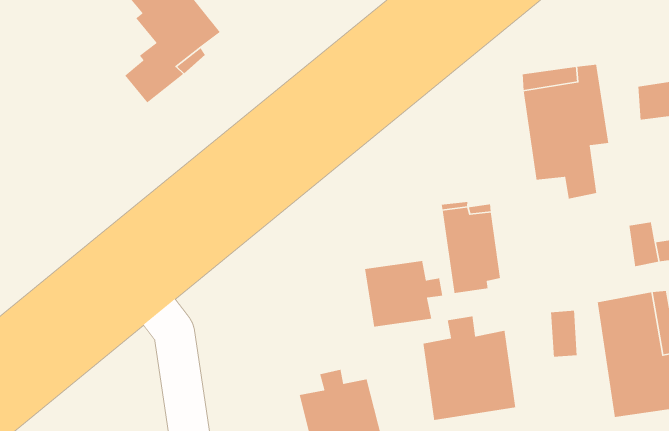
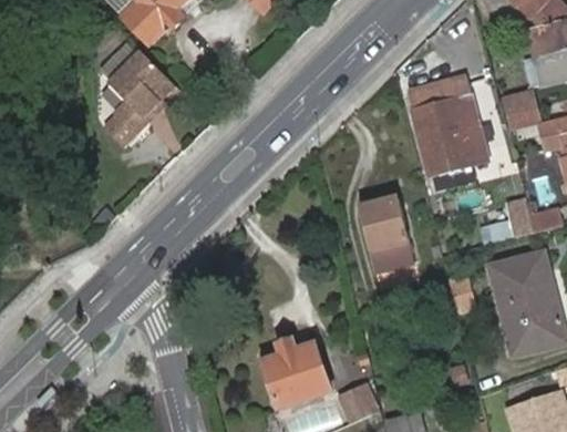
building: [364,260,443,328] -> none
building: [422,316,516,421] -> none

